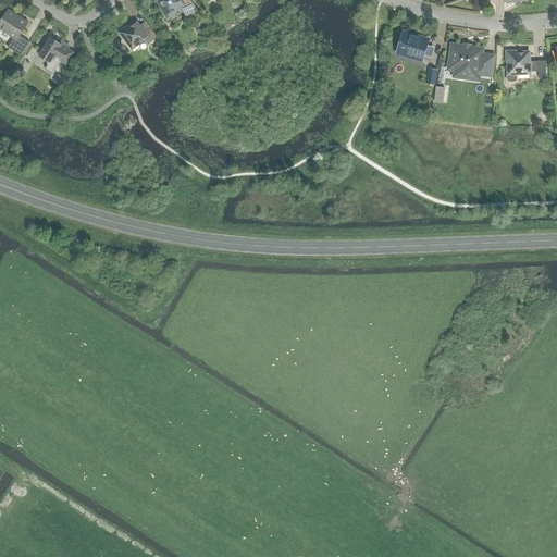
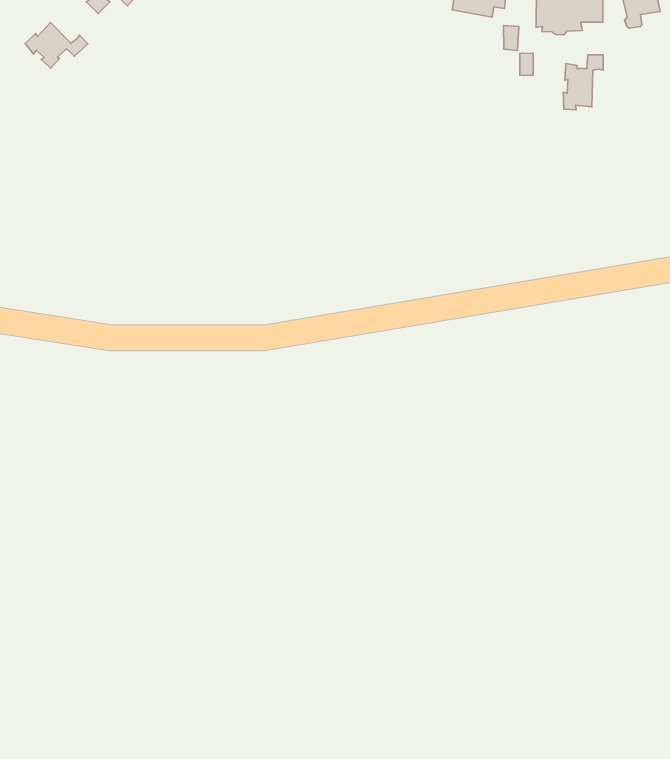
building: none -> [563,55,603,110]

